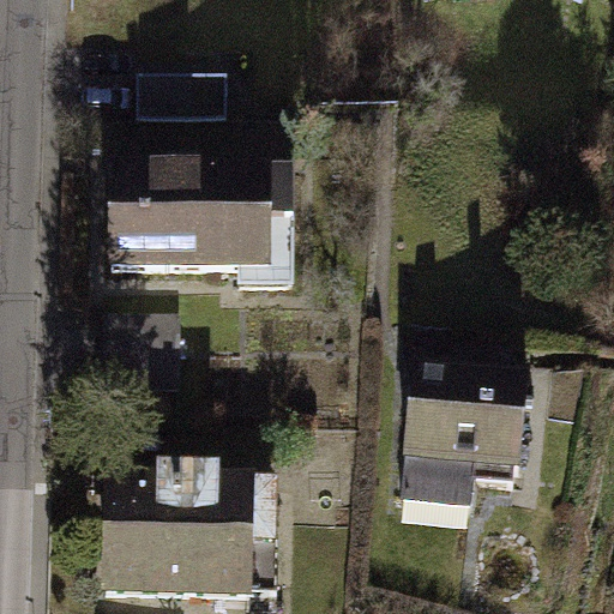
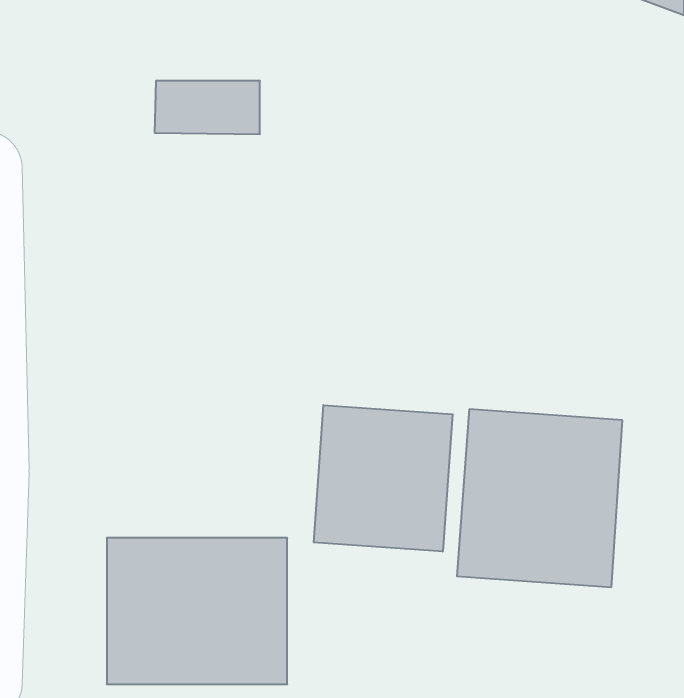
building: [108,138,287,284] -> none
building: none -> [314,405,453,552]

